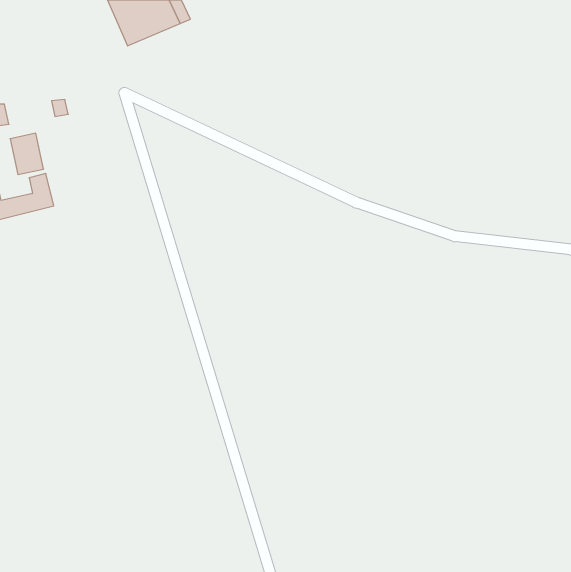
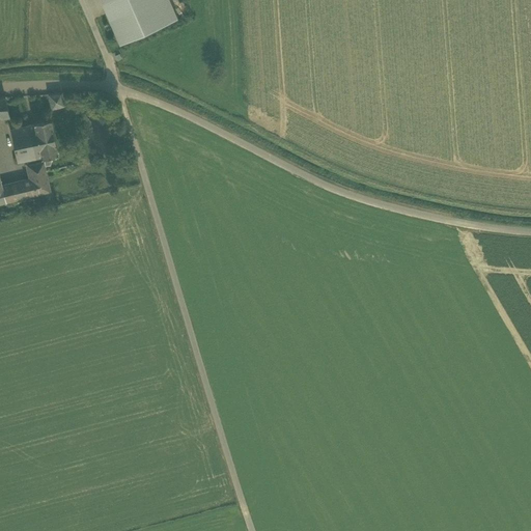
building: none -> [33,119,57,158]

